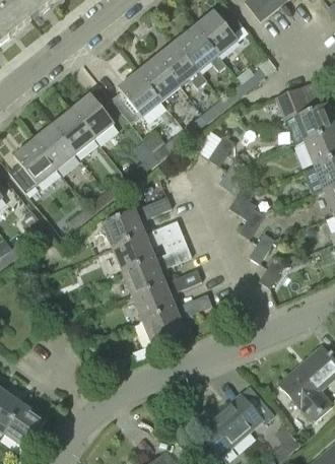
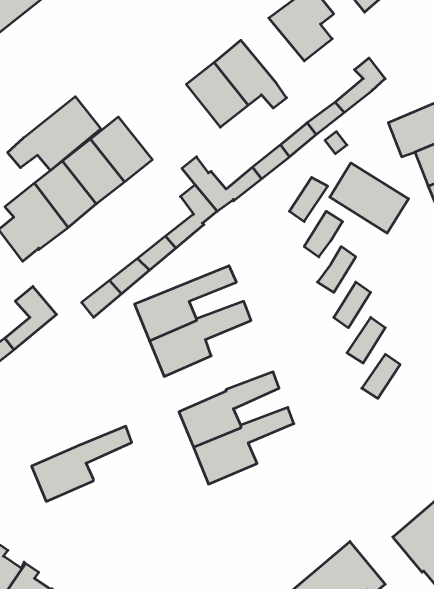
building: [175,25,224,70] -> none
building: [117,71,160,117] -> none
building: none -> [8,97,101,170]
building: none -> [330,163,409,233]
building: [122,245,191,296] -> [32,426,132,501]

